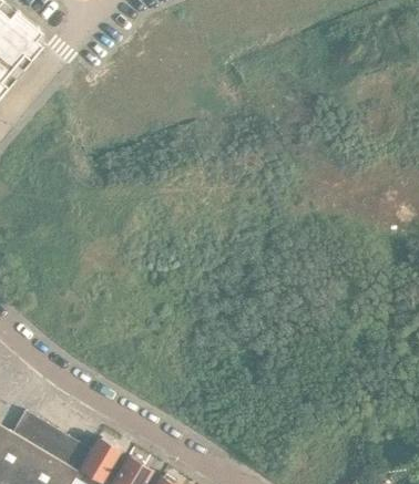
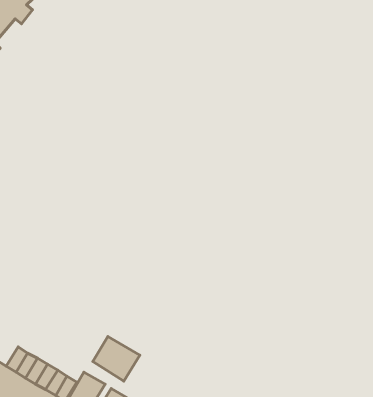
building: none -> [93,336,140,381]

